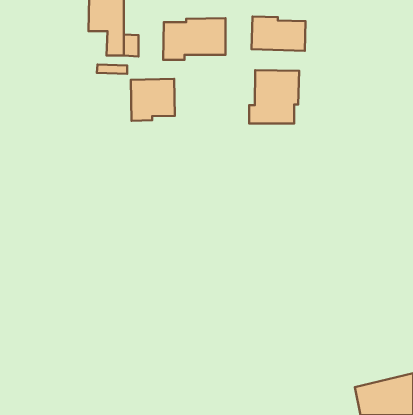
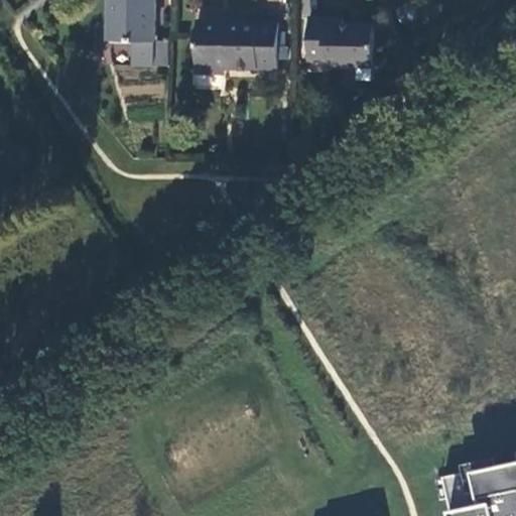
building: [249,70,299,123] -> none
building: [131,79,175,121] -> none

